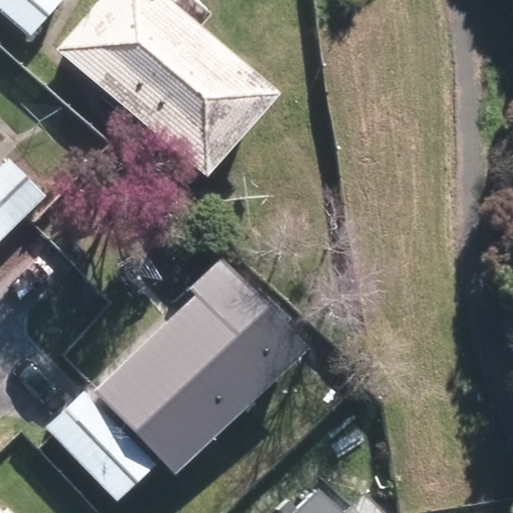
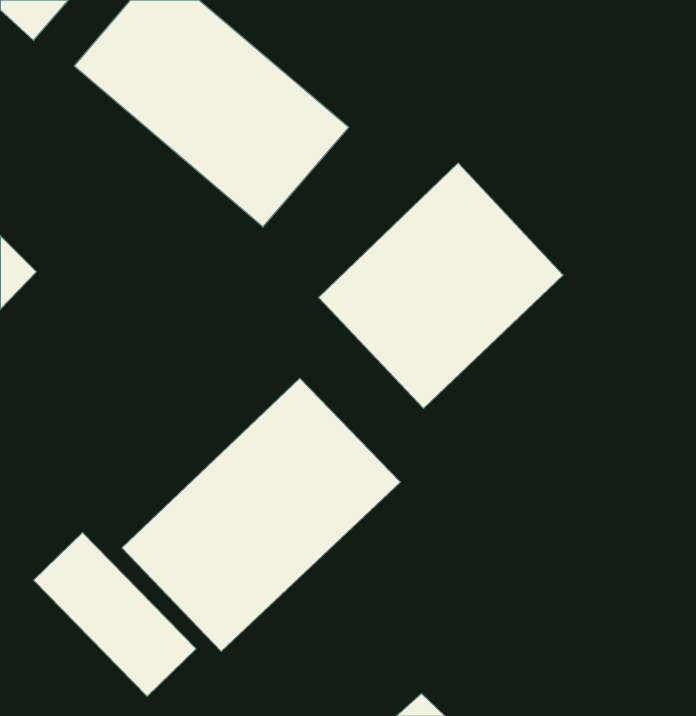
building: none -> [318,163,563,408]

